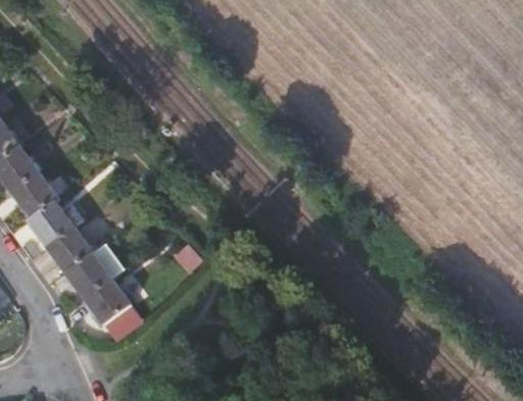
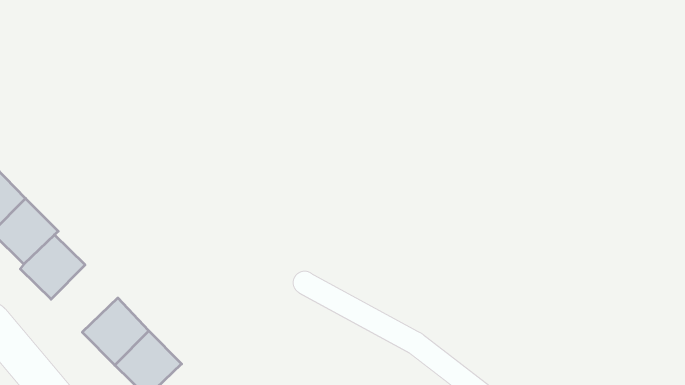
building: [45,223,92,270] -> none

